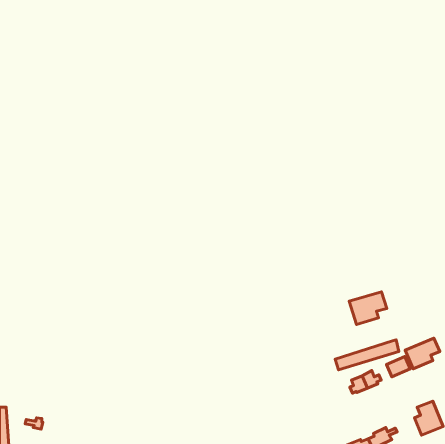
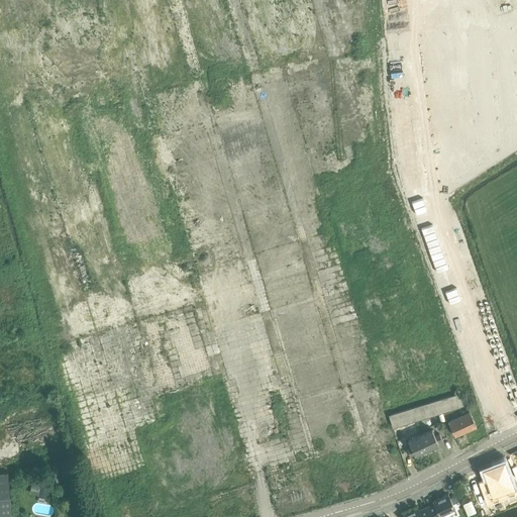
building: [349,292,387,325] -> none
building: [405,338,440,369] -> none

